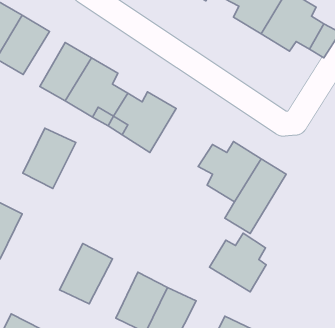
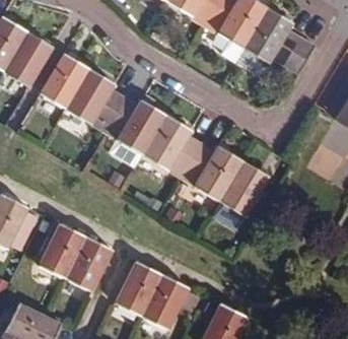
building: none -> [145,116,203,173]
building: [23,128,76,189] -> [34,227,83,283]
building: [210,233,266,292] -> none

